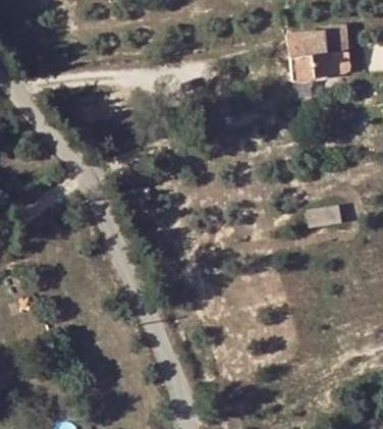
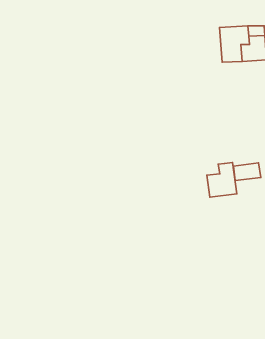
building: none -> [207,163,237,197]

